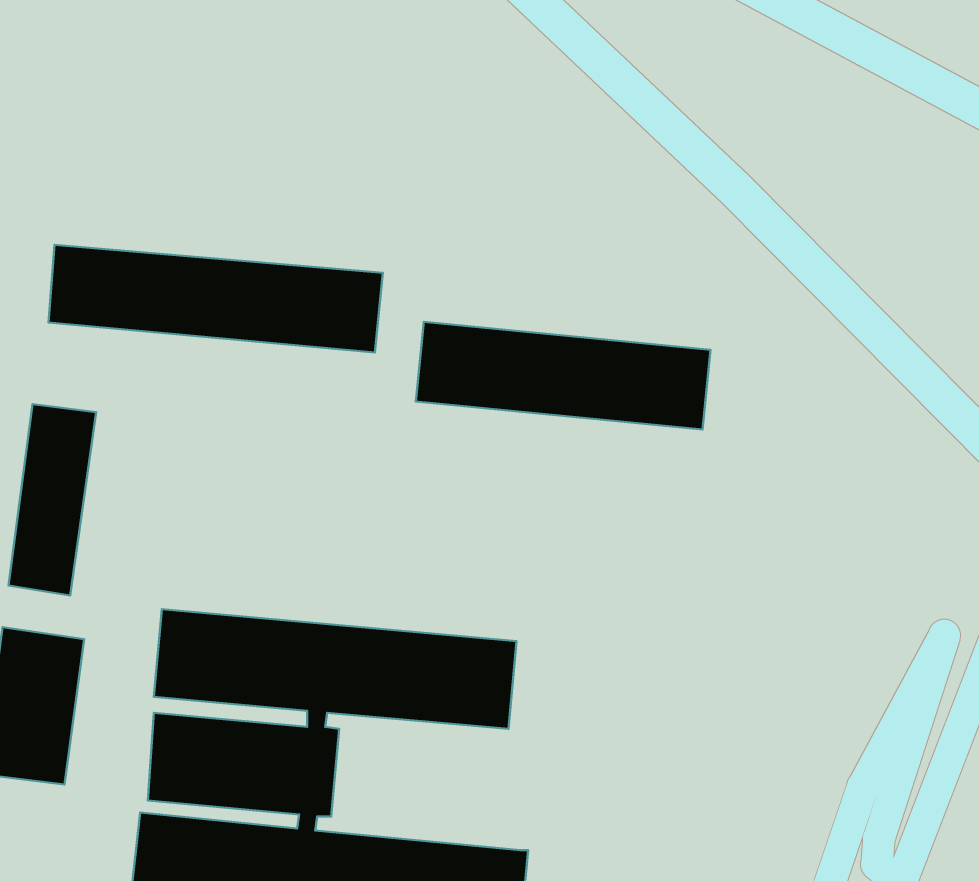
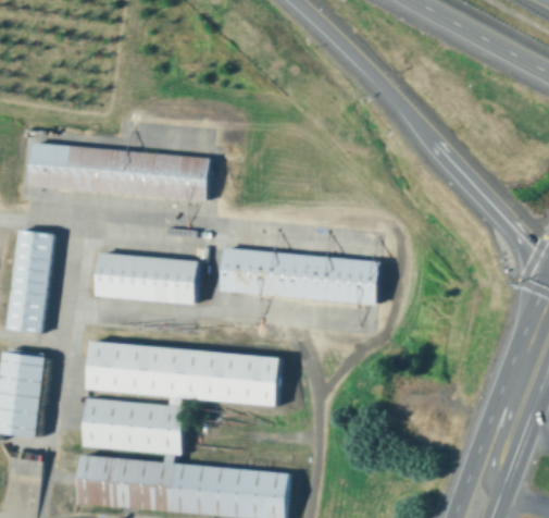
building: [416,322,710,430] -> [216,246,377,305]
building: none -> [91,251,196,305]

